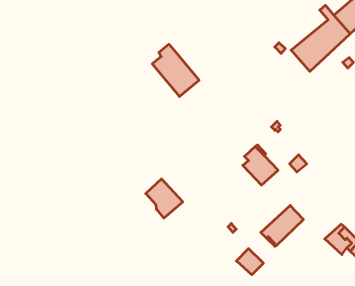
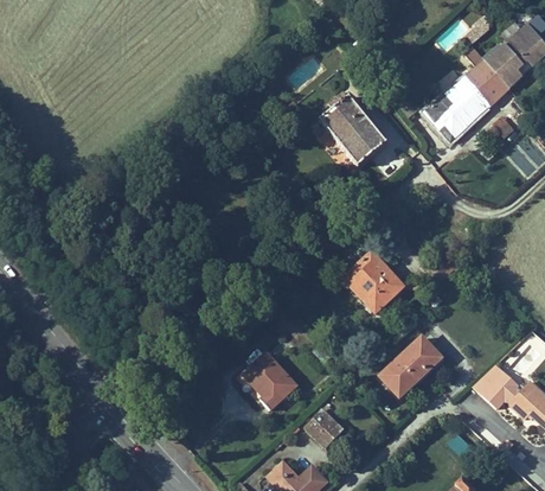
building: [152,44,199,97] -> [319,90,386,166]
building: [146,179,183,218] -> [243,352,296,409]
building: [236,249,263,275] -> [303,409,342,447]

